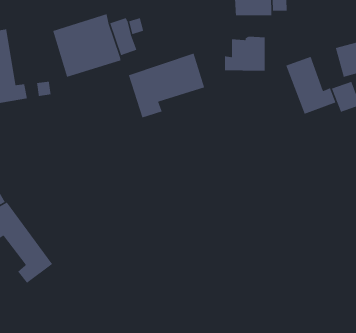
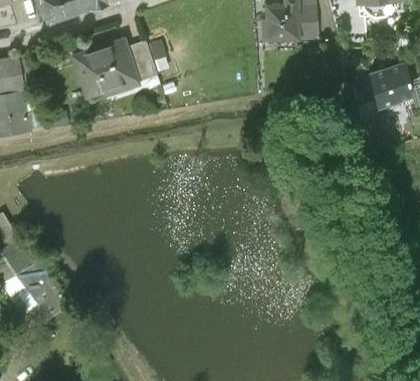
building: [224,36,266,72] -> none
building: [128,53,205,119] -> none
building: [285,56,336,115] -> none

